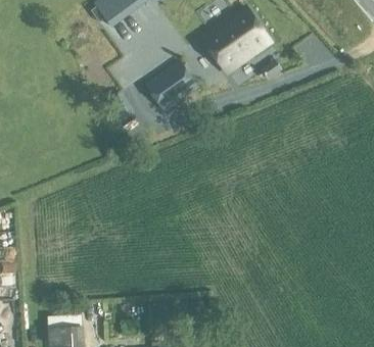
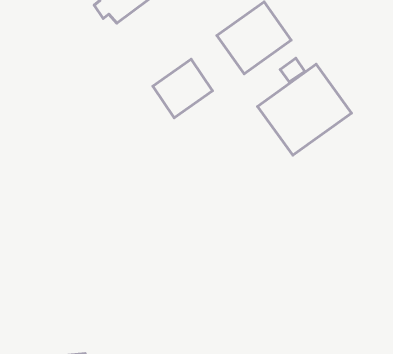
building: none -> [257,64,351,155]

